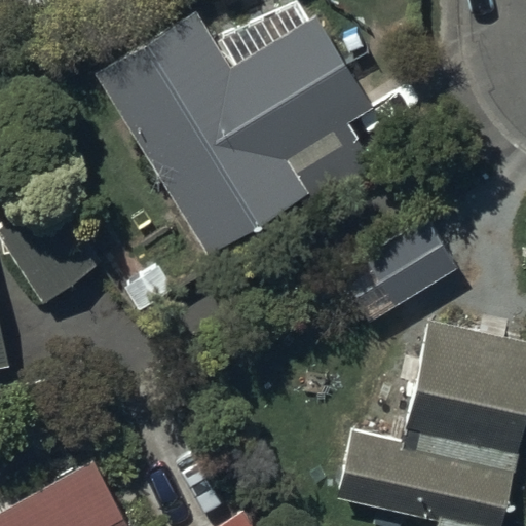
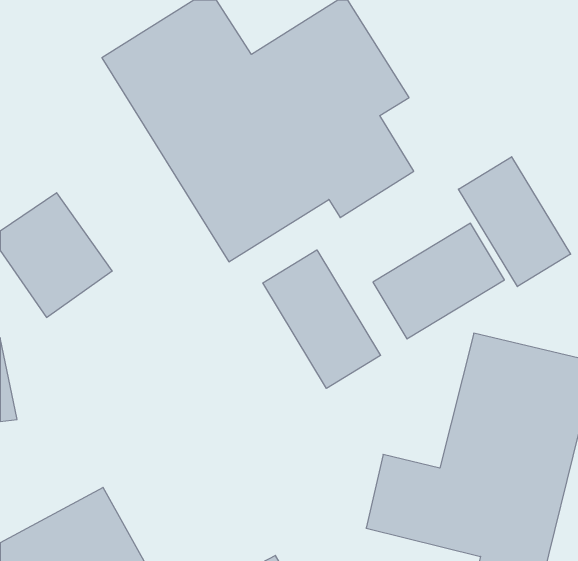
building: none -> [458,157,571,287]
building: none -> [263,250,381,388]

